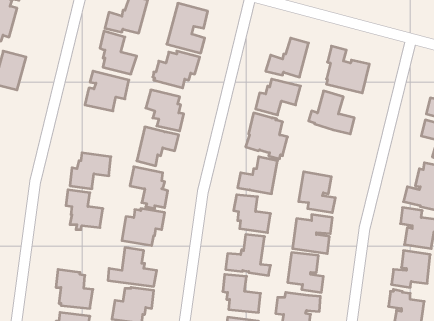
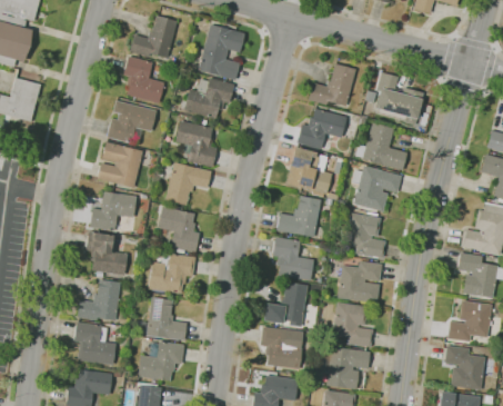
building: none -> [97,142,142,188]
building: none -> [351,166,401,211]
building: none -> [77,280,120,320]

